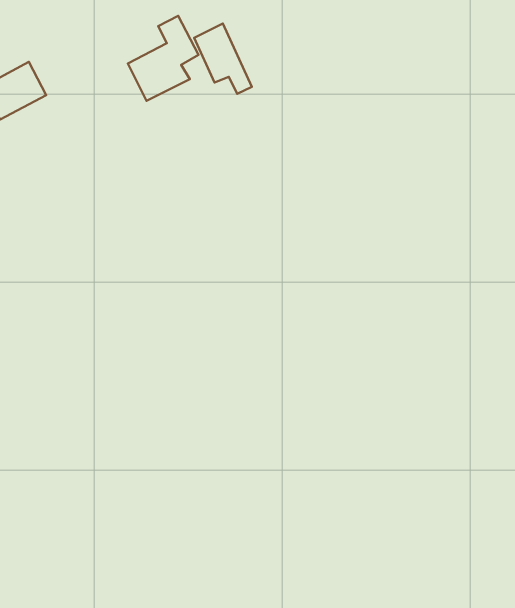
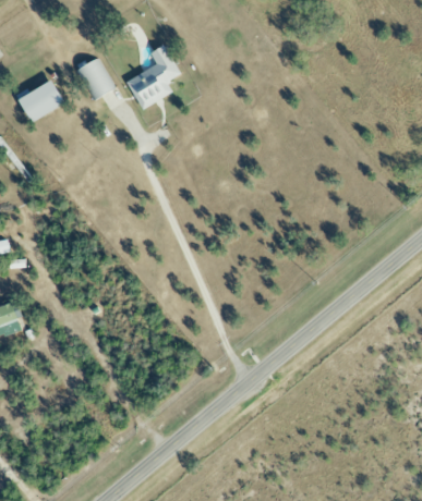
building: [194,24,252,94] -> [77,54,121,108]

